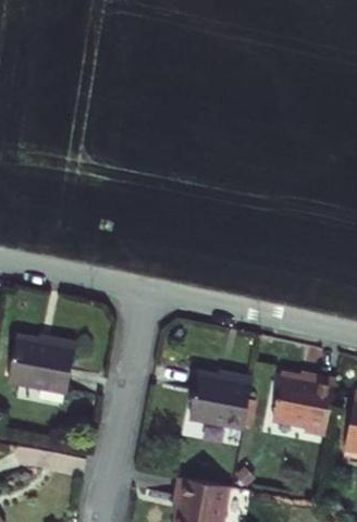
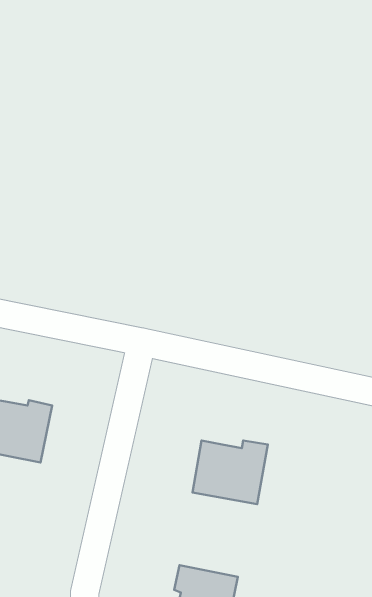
building: [274,376,335,437] -> none

